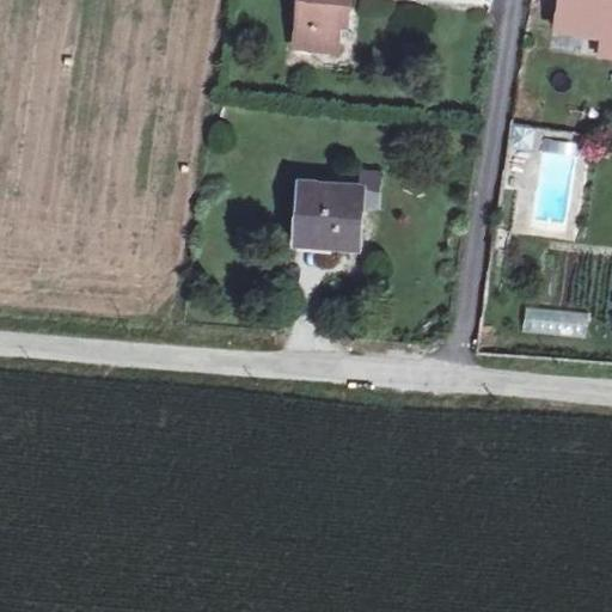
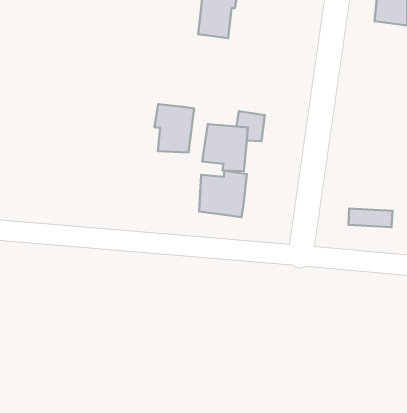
building: none -> [155,104,194,153]
building: none -> [199,170,247,217]

